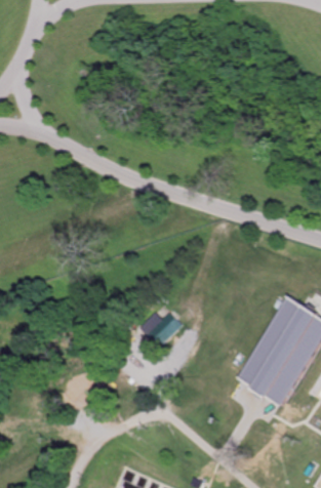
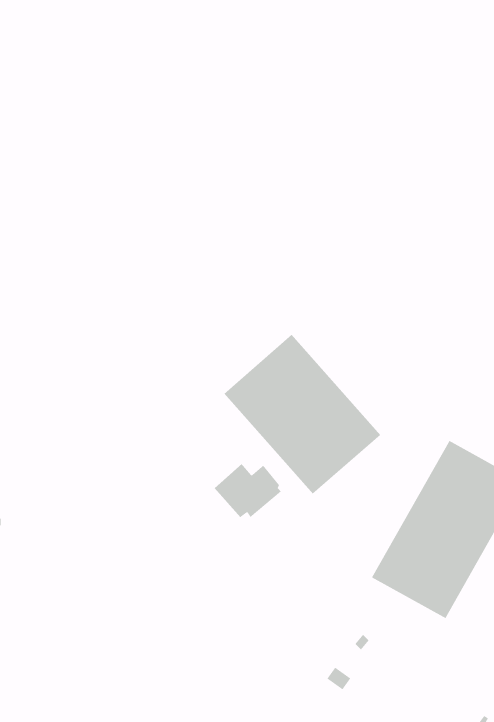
building: none -> [223,334,381,495]

